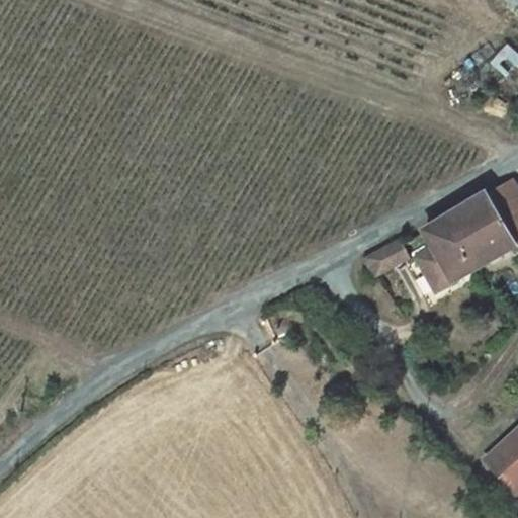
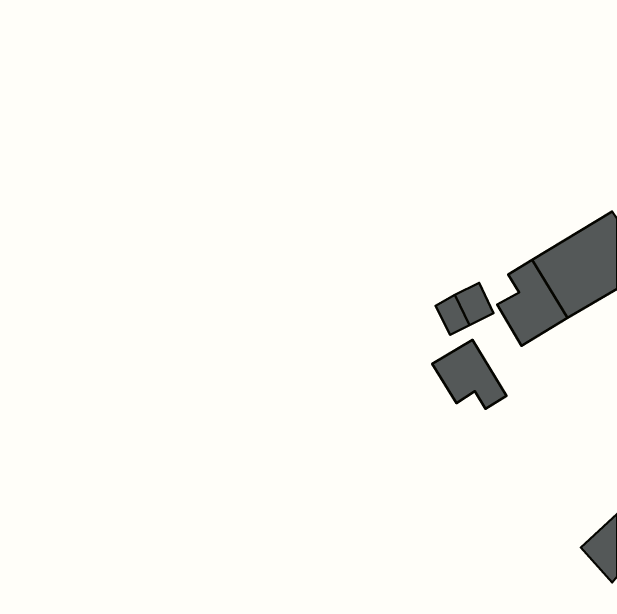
building: none -> [432,340,507,409]

